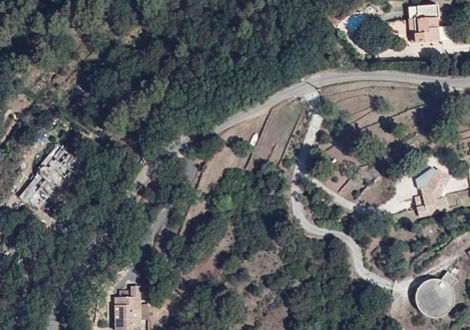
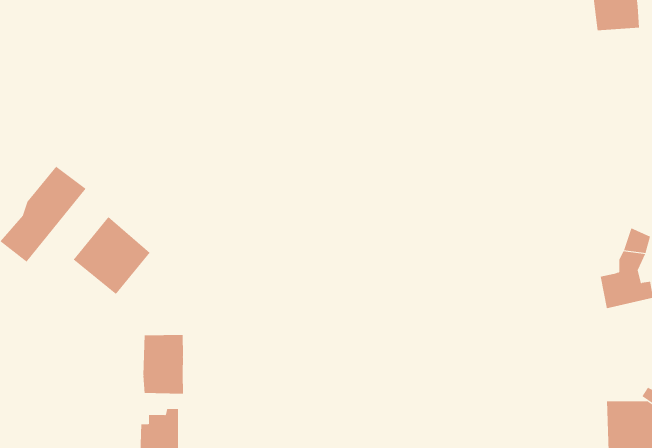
building: none -> [73,216,150,295]
building: none -> [143,334,183,394]

